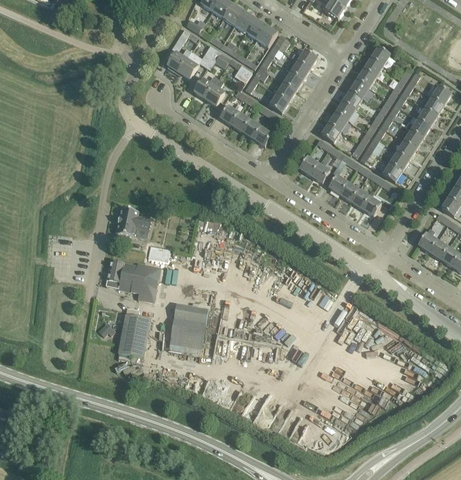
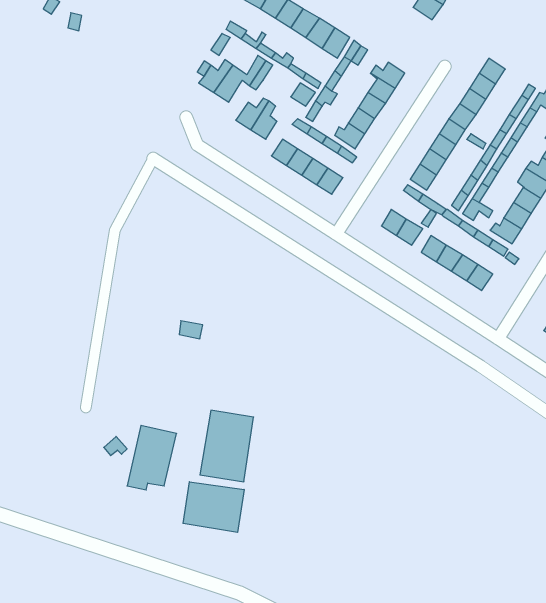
building: [116,208,151,237] -> none
building: [106,260,160,302] -> none
building: none -> [183,482,244,532]

